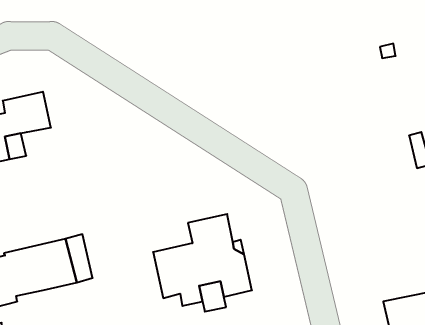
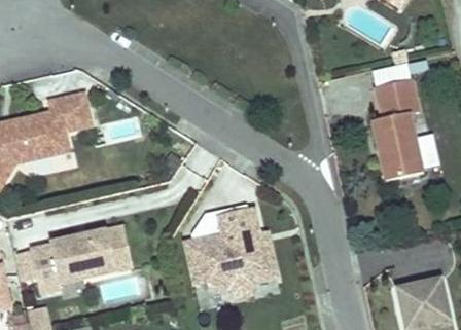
building: none -> [371,77,423,179]

